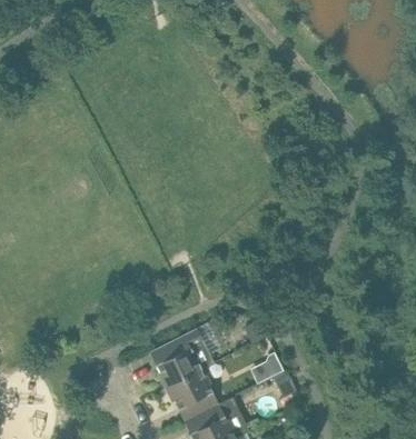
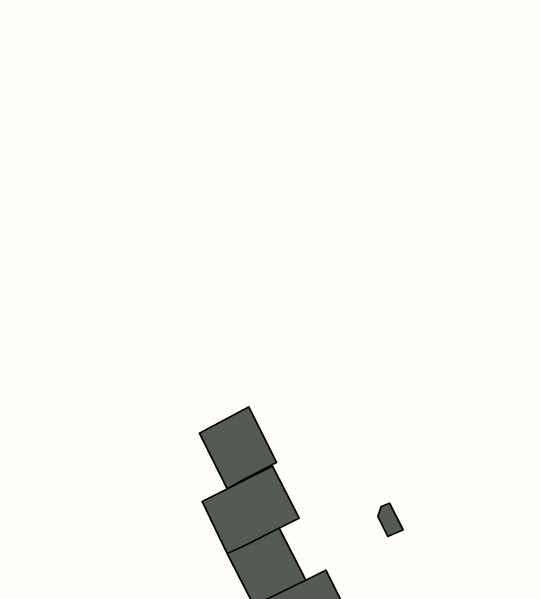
building: none -> [200,407,276,489]

